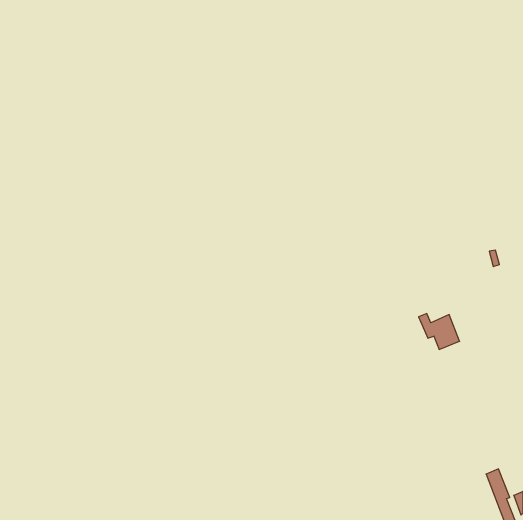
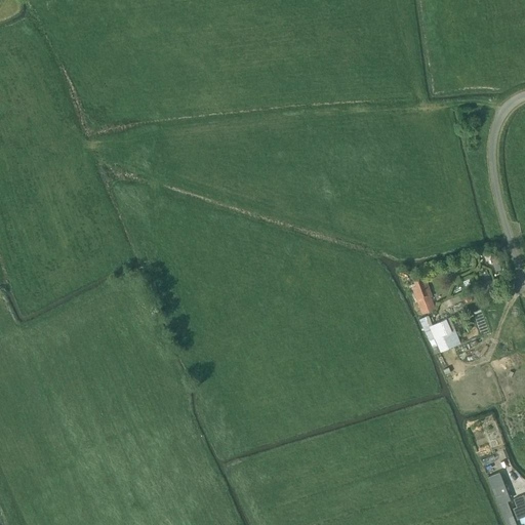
building: none -> [411,277,434,314]

